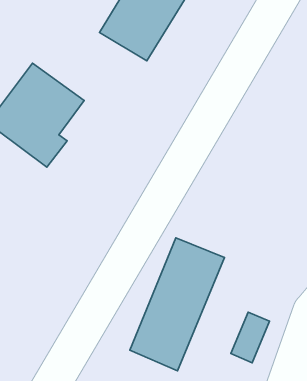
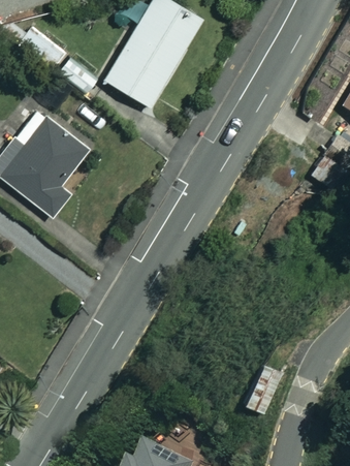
building: [130,238,224,371] -> none

